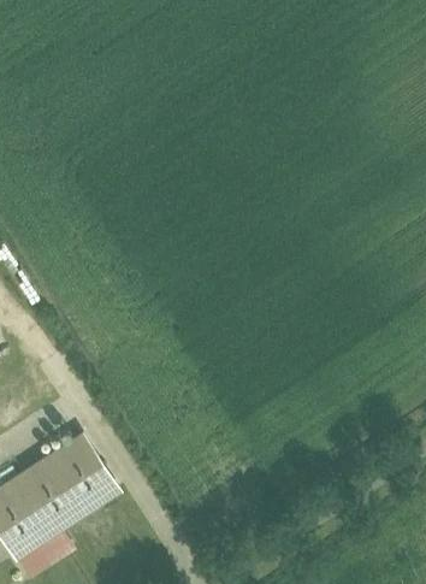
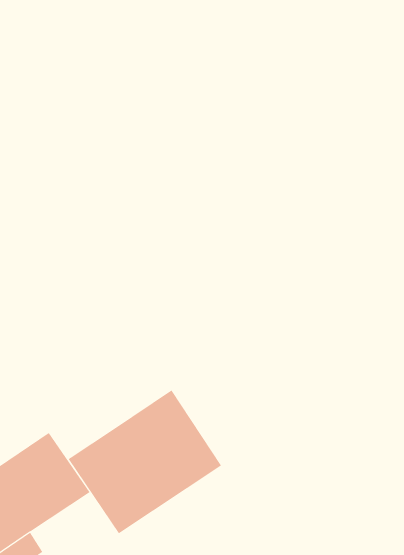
building: none -> [68,389,222,534]

